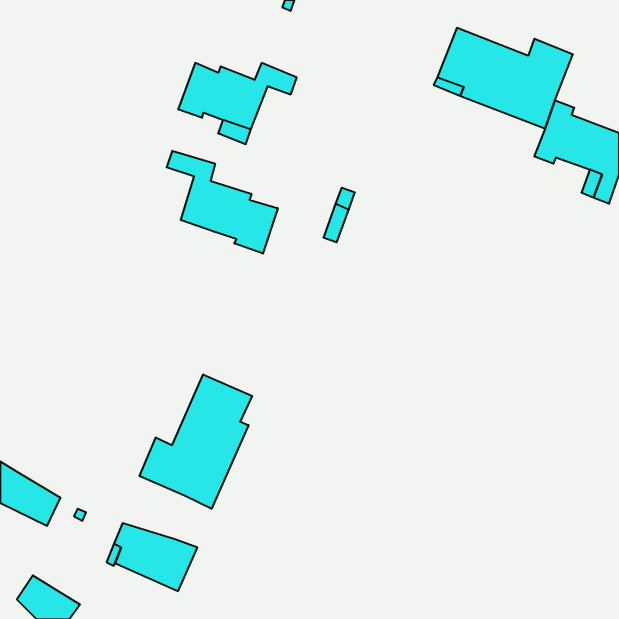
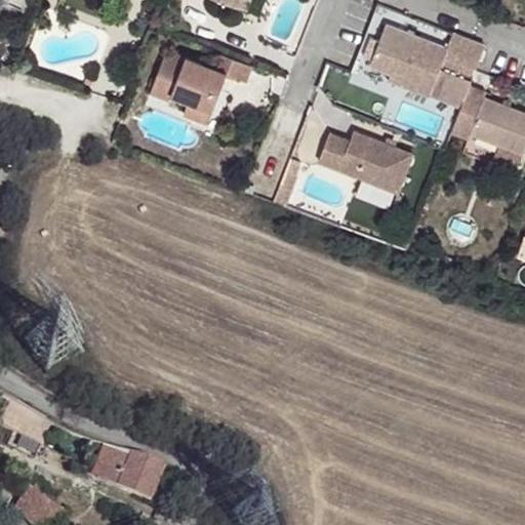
building: [167,151,278,254] -> none
building: none -> [319,130,413,193]
building: [140,374,252,509] -> none

